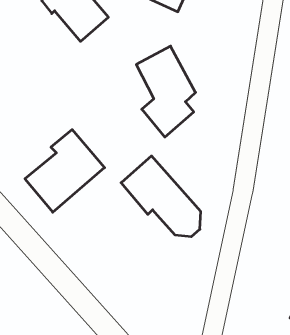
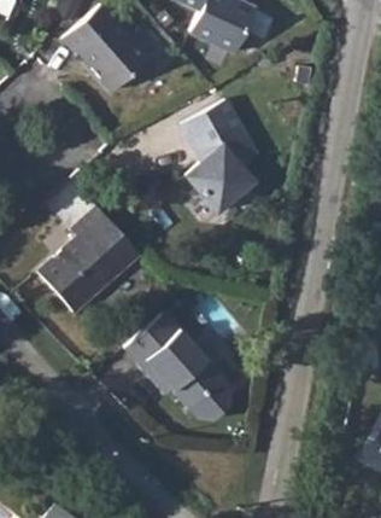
building: [121,156,201,237] -> [129,314,233,419]

